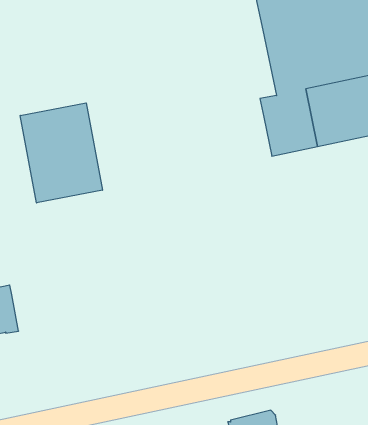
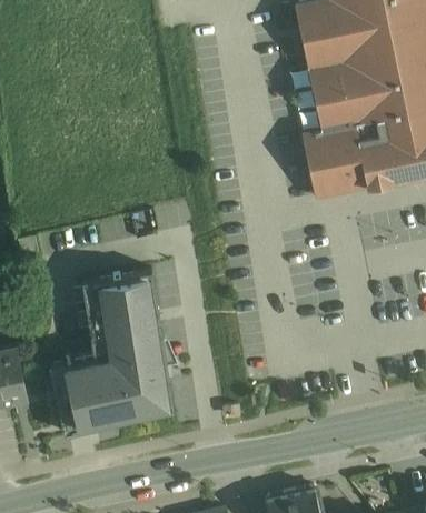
building: [20,103,102,203] -> none
building: none -> [53,271,174,431]

